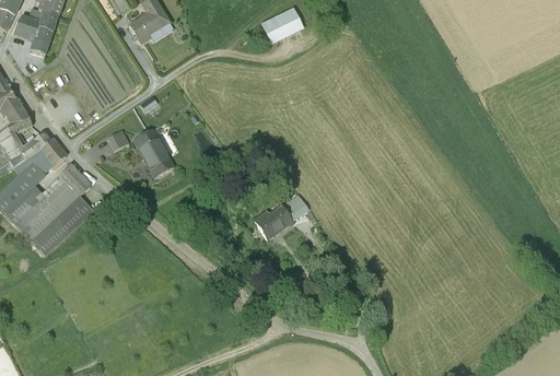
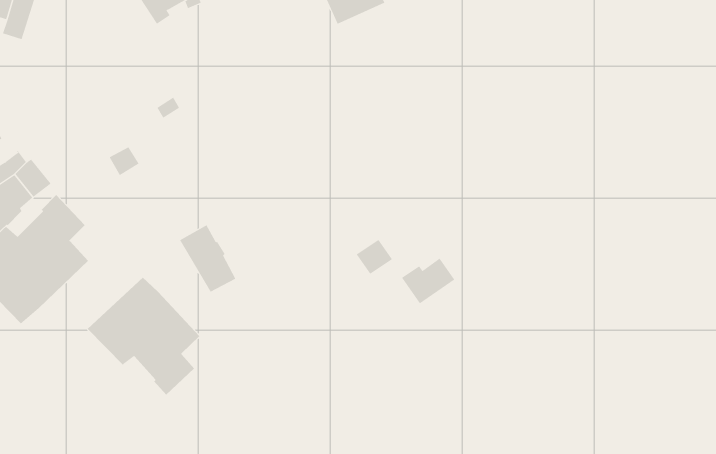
building: [132,129,173,177] -> [179,225,236,293]
building: [253,205,291,238] -> [401,258,455,304]
building: none -> [87,277,200,396]

